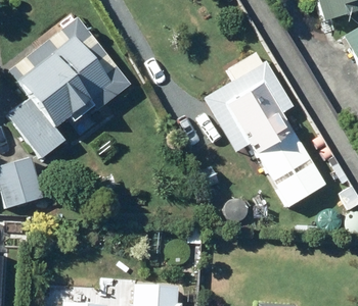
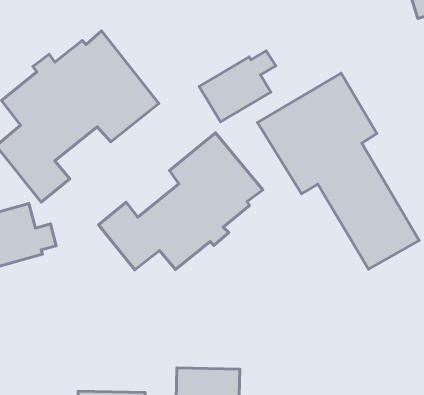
building: none -> [199,51,276,122]
building: none -> [98,133,263,270]

